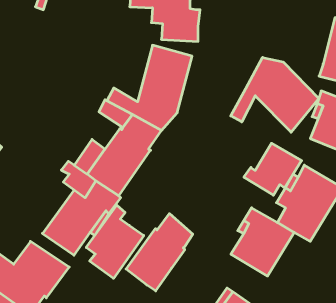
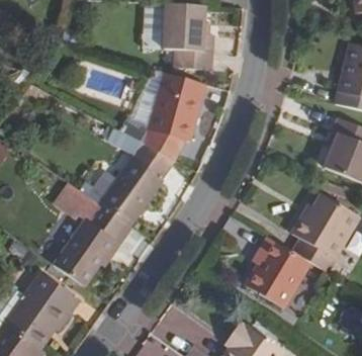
building: [231,57,319,132] -> none
building: [244,143,302,195] -> none
building: [86,205,144,278] -> none
building: [126,214,193,291] -> none

